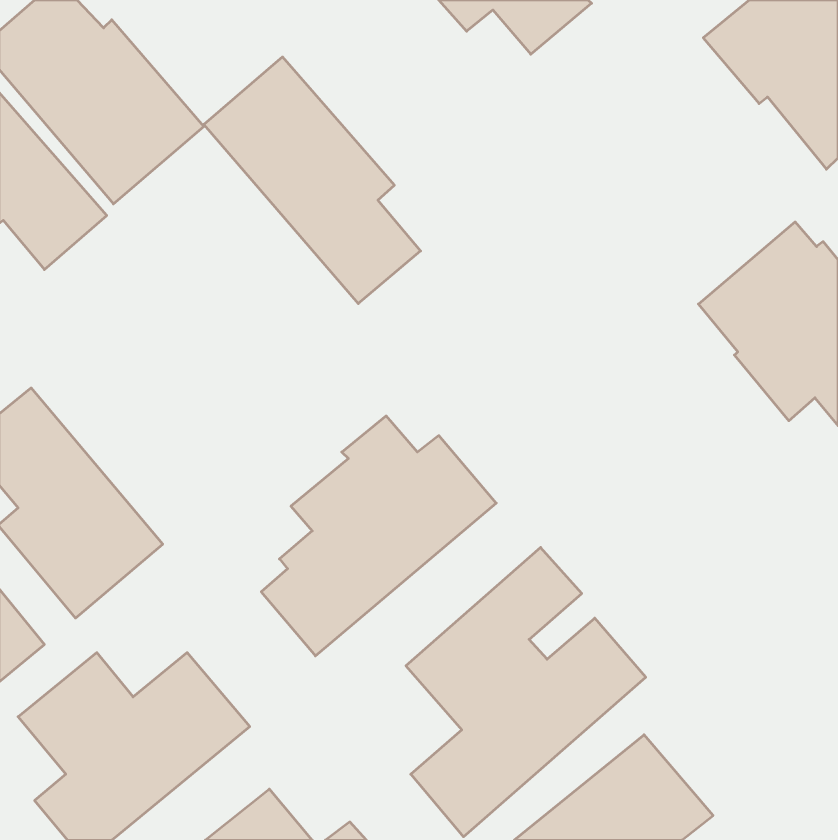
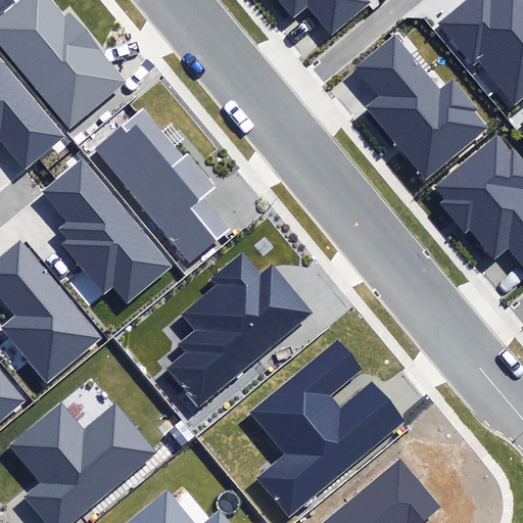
building: none -> [355,34,485,177]
building: [204,57,421,304] -> [93,107,228,260]
building: none -> [40,160,173,304]

